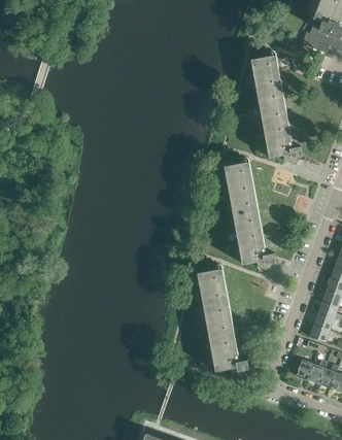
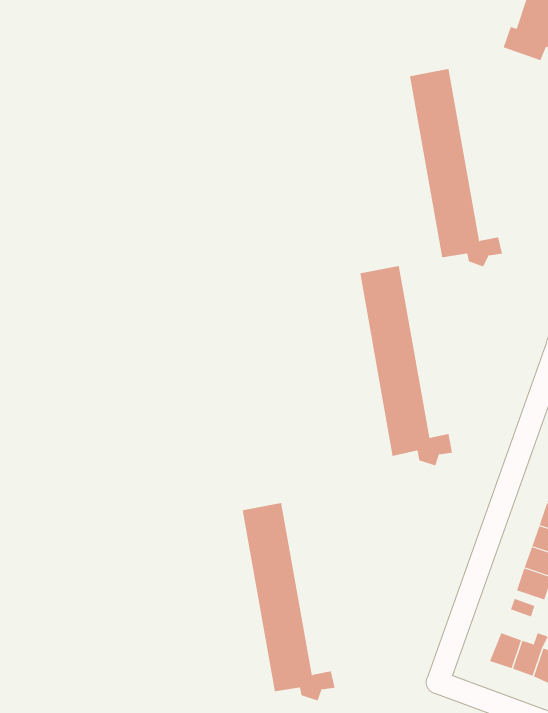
building: [198,268,248,375] -> [242,502,335,701]

